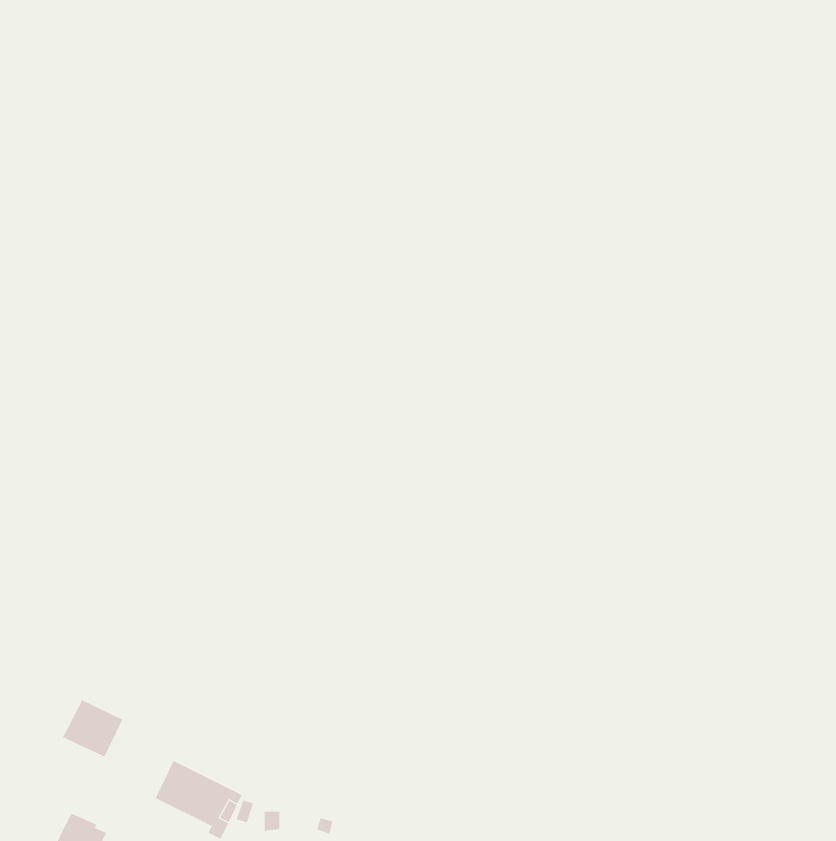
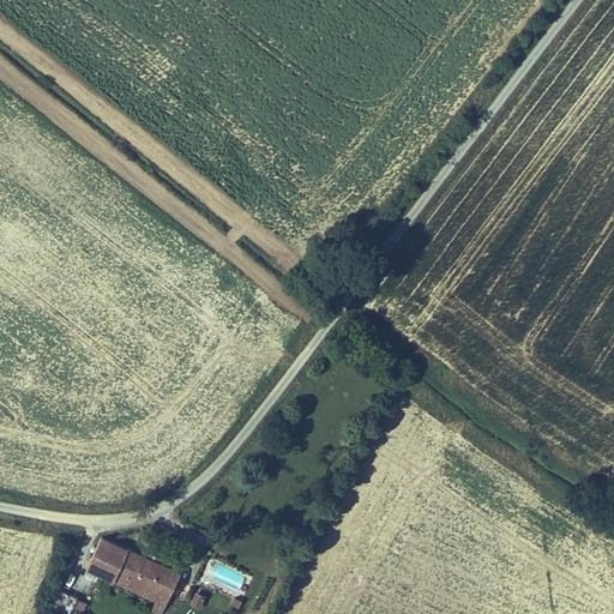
building: [62,700,123,757] -> [86,540,131,582]

